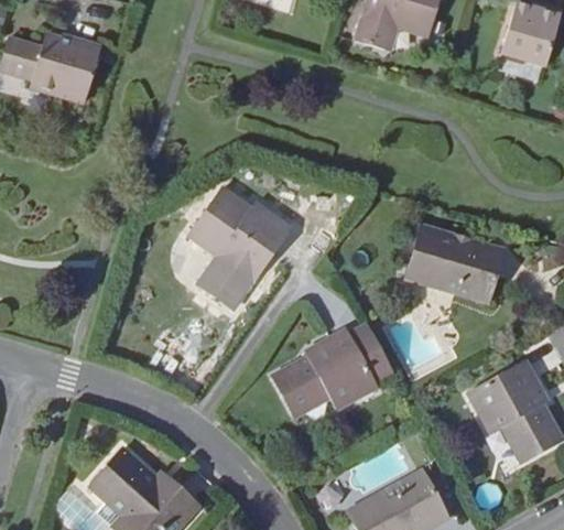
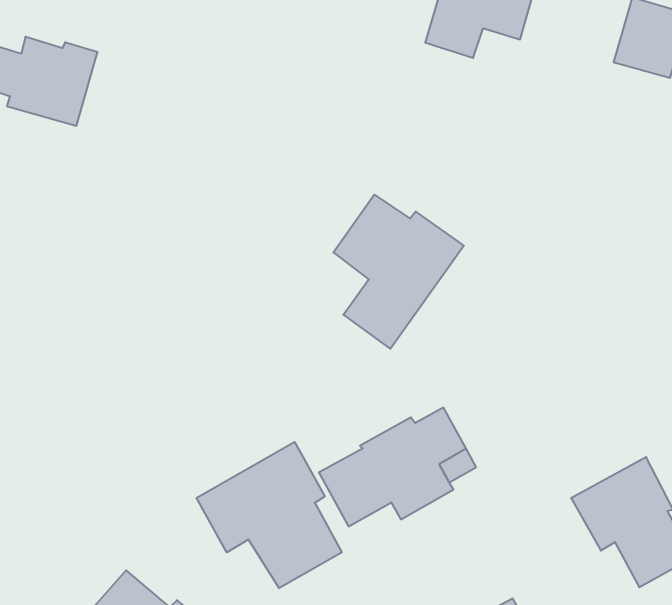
building: [191,190,292,310] -> [333,195,464,349]
building: [408,226,502,301] -> none
building: none -> [197,442,342,588]

